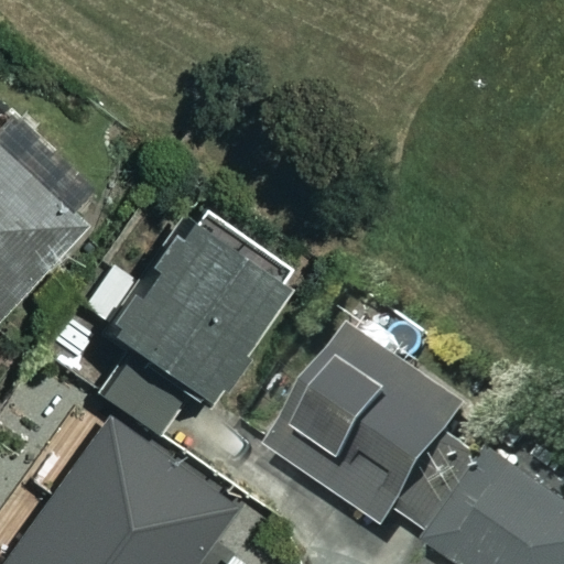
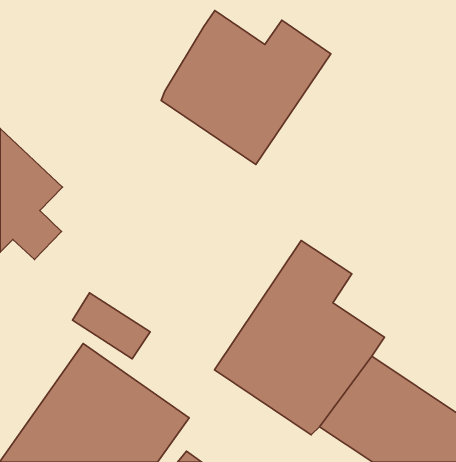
building: none -> [161,11,331,164]
building: [82,209,285,397] -> none

